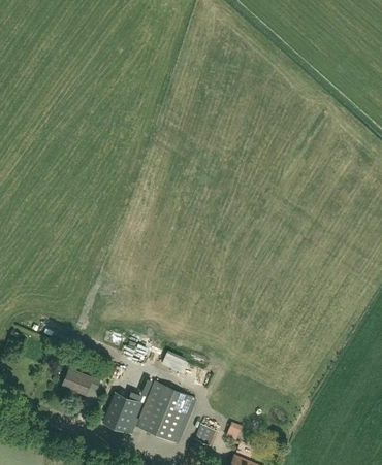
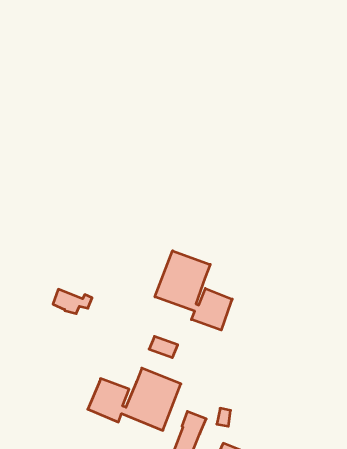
building: none -> [155,251,232,330]
building: [62,369,100,393] -> [53,289,92,314]

